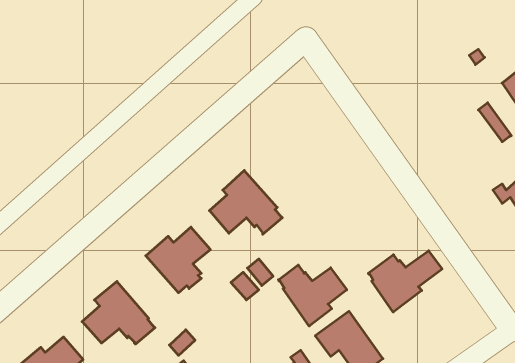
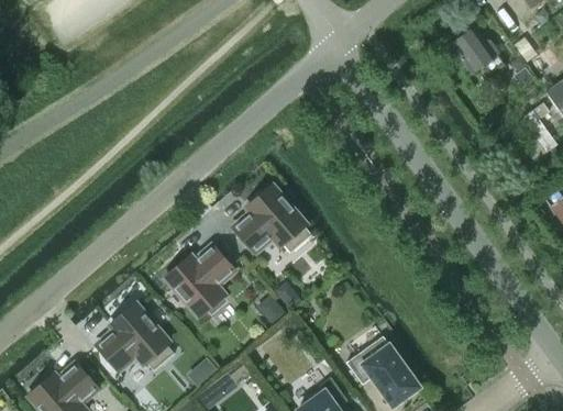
building: none -> [452,27,501,75]
building: [368,251,442,312] -> none
building: [278,265,347,326] -> none

